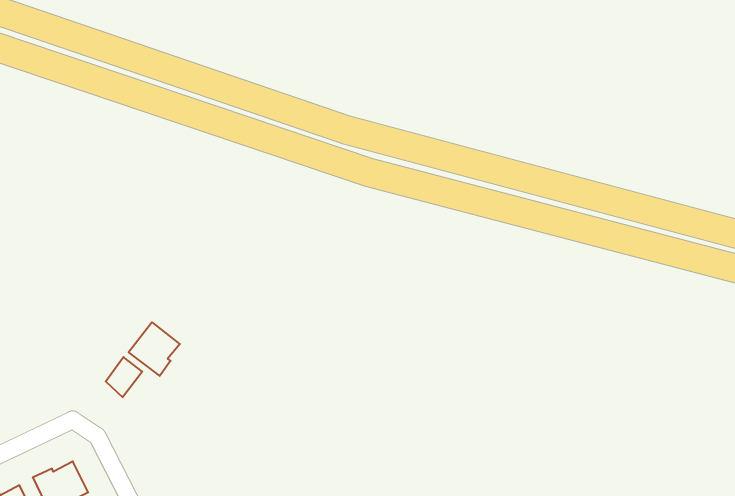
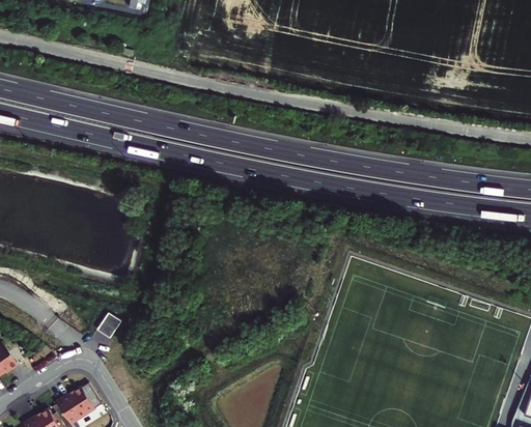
building: [129,322,180,376] -> none

